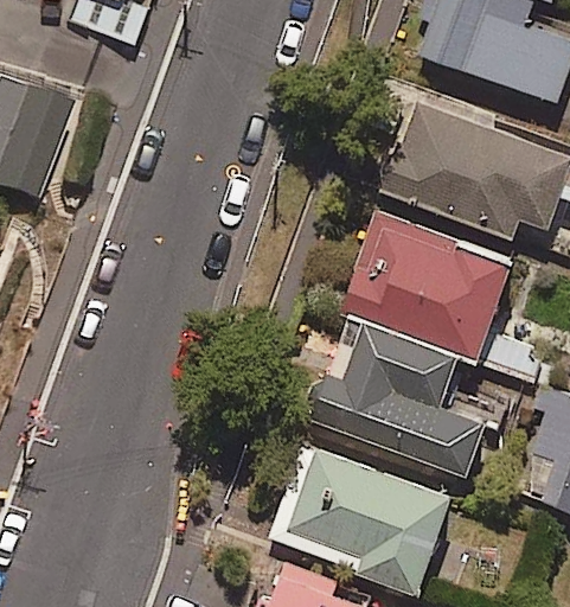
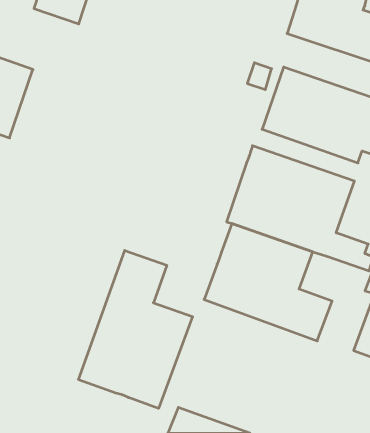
building: none -> [79,250,193,408]
building: [268,442,450,589] -> none

